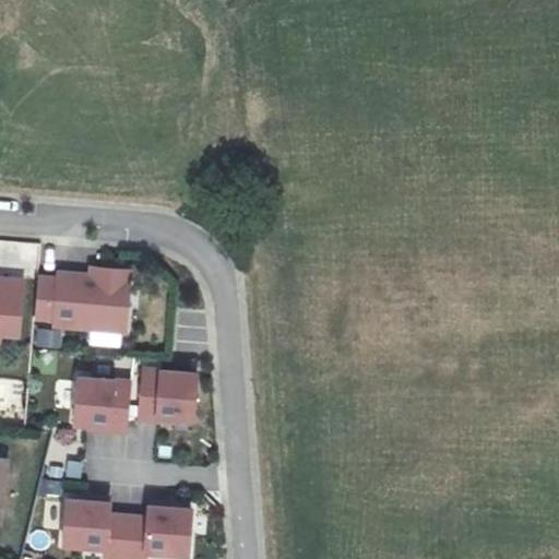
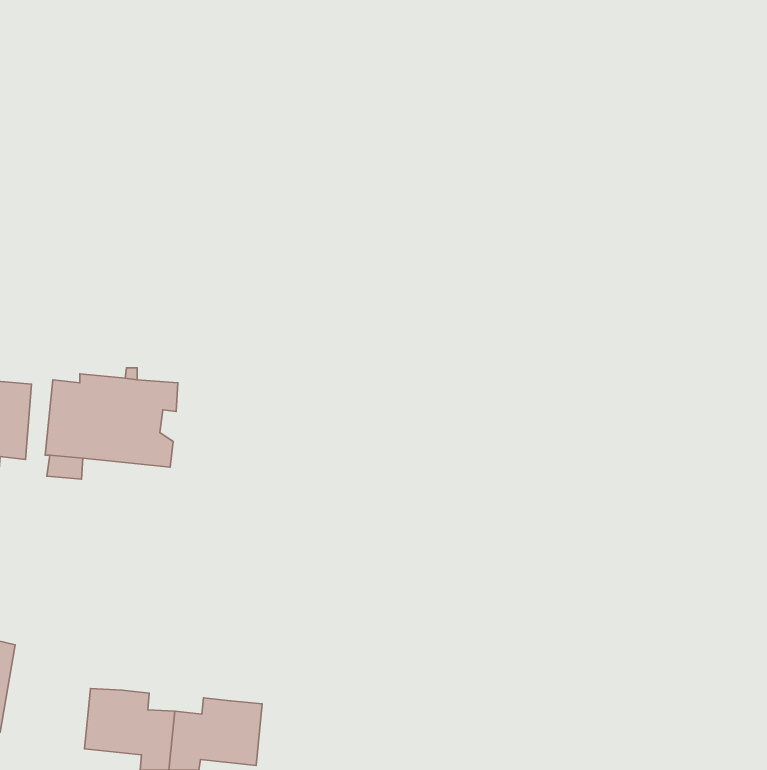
building: [139,369,197,420] -> none
building: [73,377,131,431] -> none

